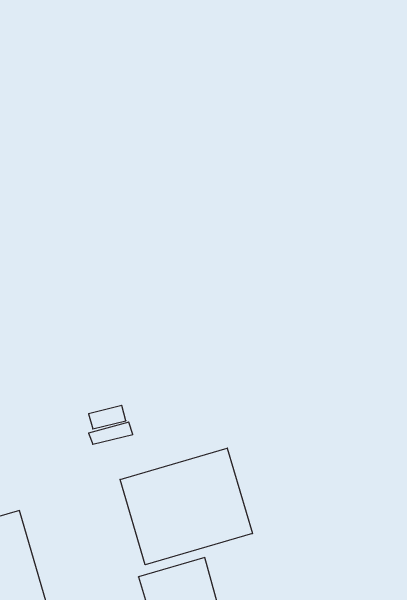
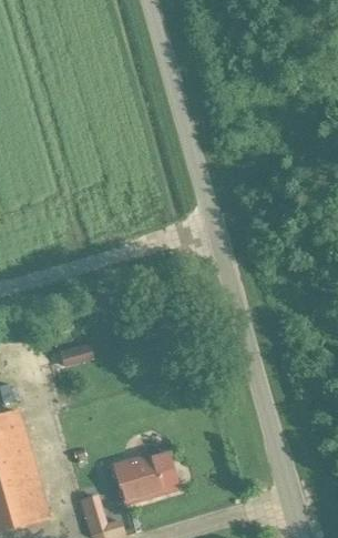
building: [120,448,252,565] -> none

